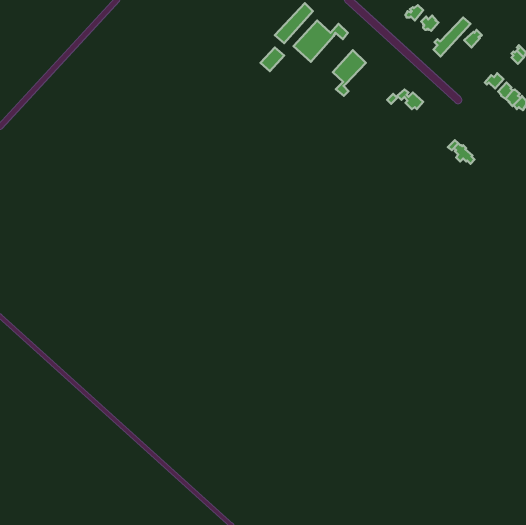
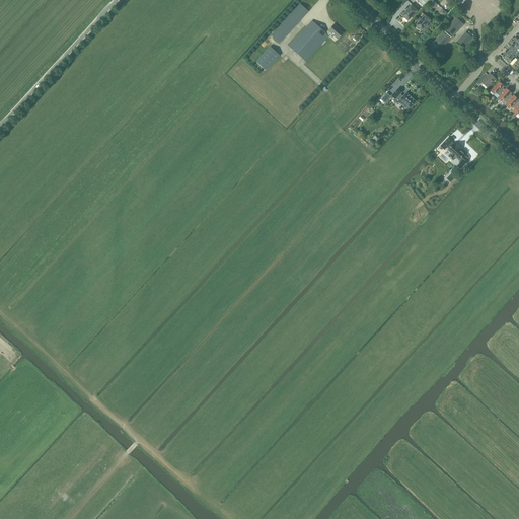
building: [333,50,366,96] -> none

